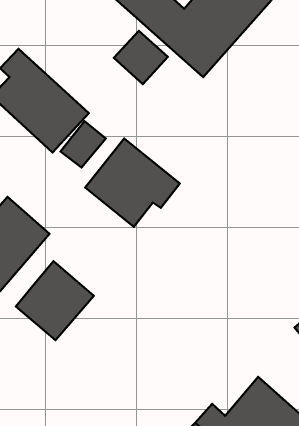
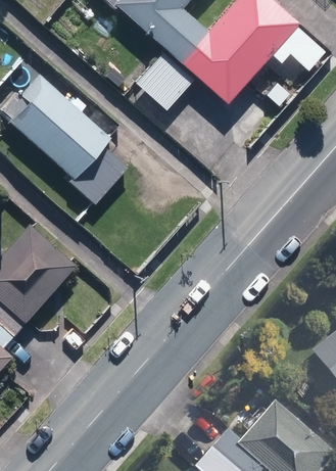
building: [85,139,180,227] -> none
building: [16,261,94,340] -> none

